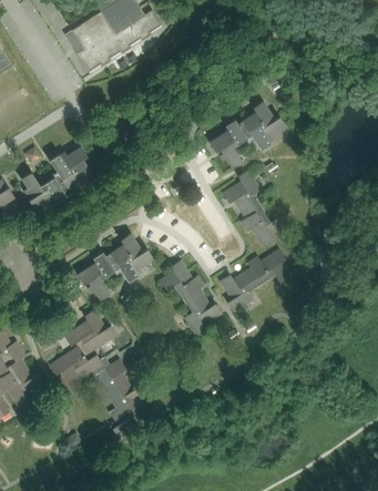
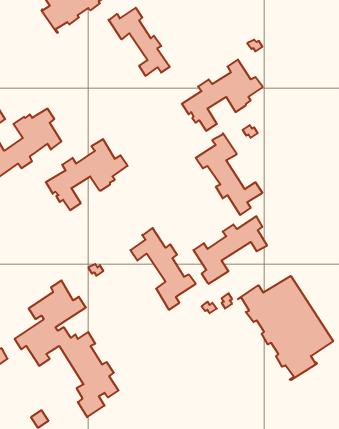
building: none -> [108,8,170,76]
building: [76,233,154,300] -> [46,139,128,210]
building: none -> [238,276,333,380]

